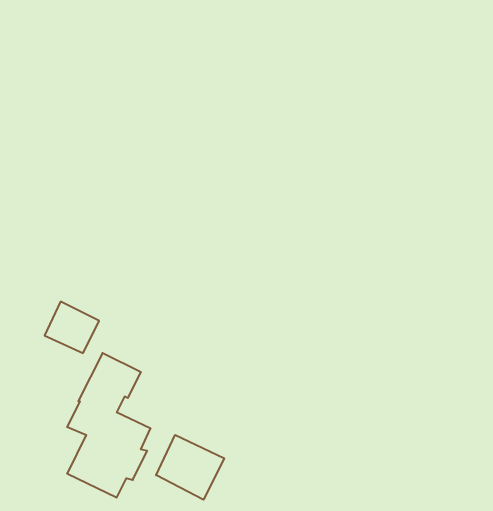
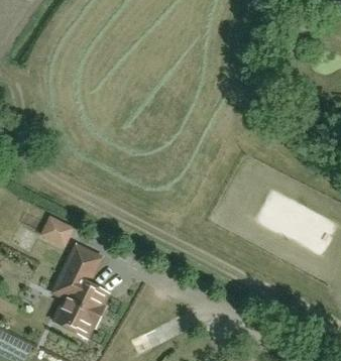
building: [156,435,224,500] -> none

